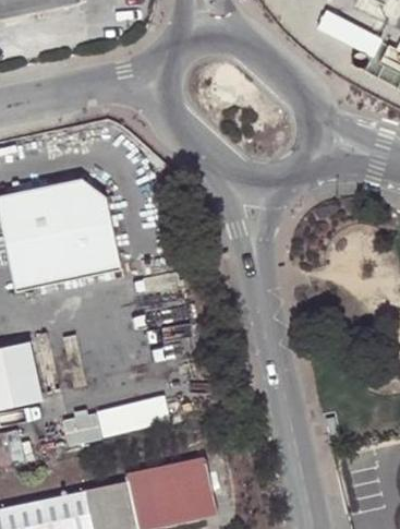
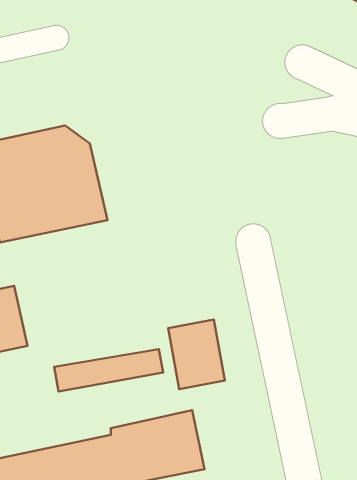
building: none -> [168,320,225,389]

